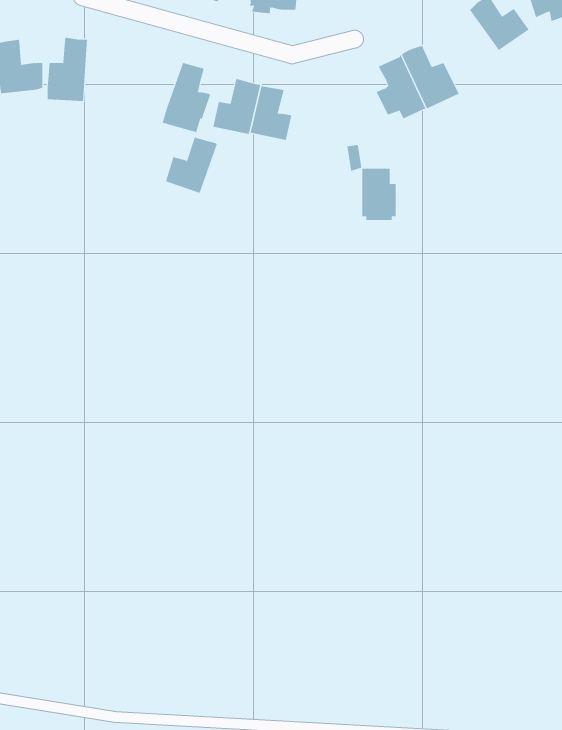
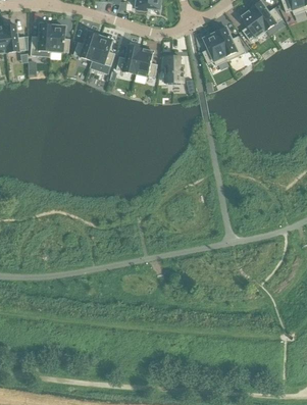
building: none -> [240,8,265,41]
building: none -> [48,23,69,56]
building: [165,137,218,193] -> [72,31,100,60]
building: [361,168,396,221] -> [164,56,183,84]

